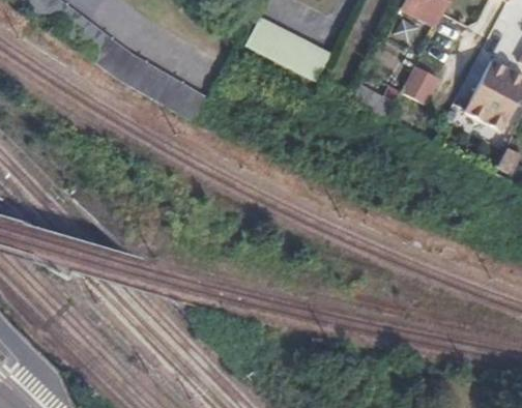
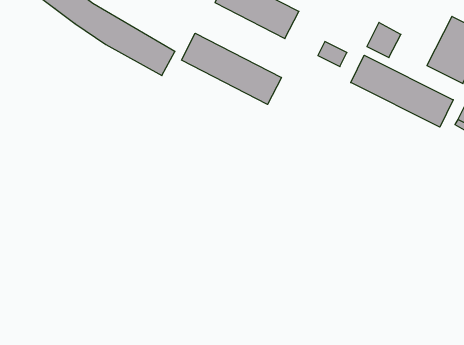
building: none -> [182,33,281,104]
building: none -> [351,55,453,127]

